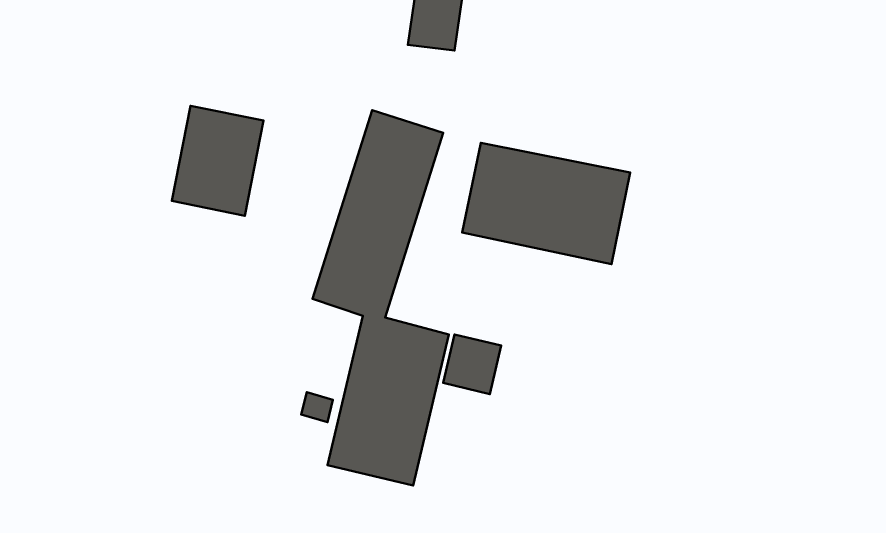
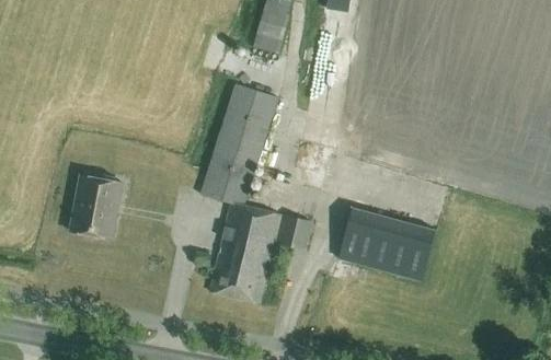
building: [172,106,263,216] -> [69,175,123,240]
building: [462,143,630,264] -> [335,206,434,277]

